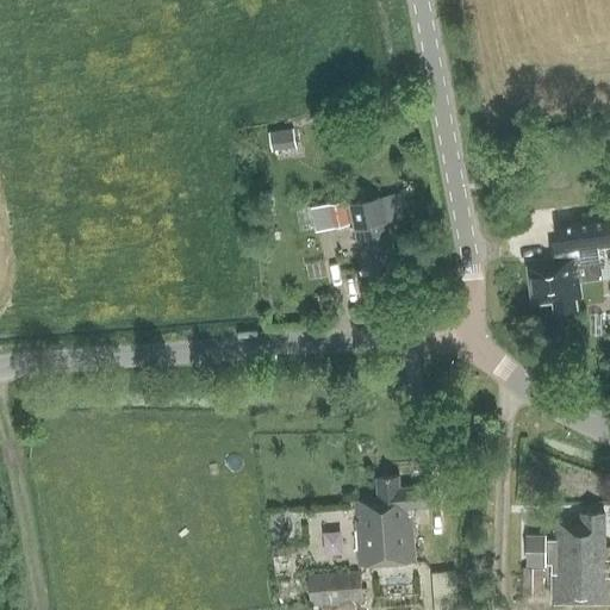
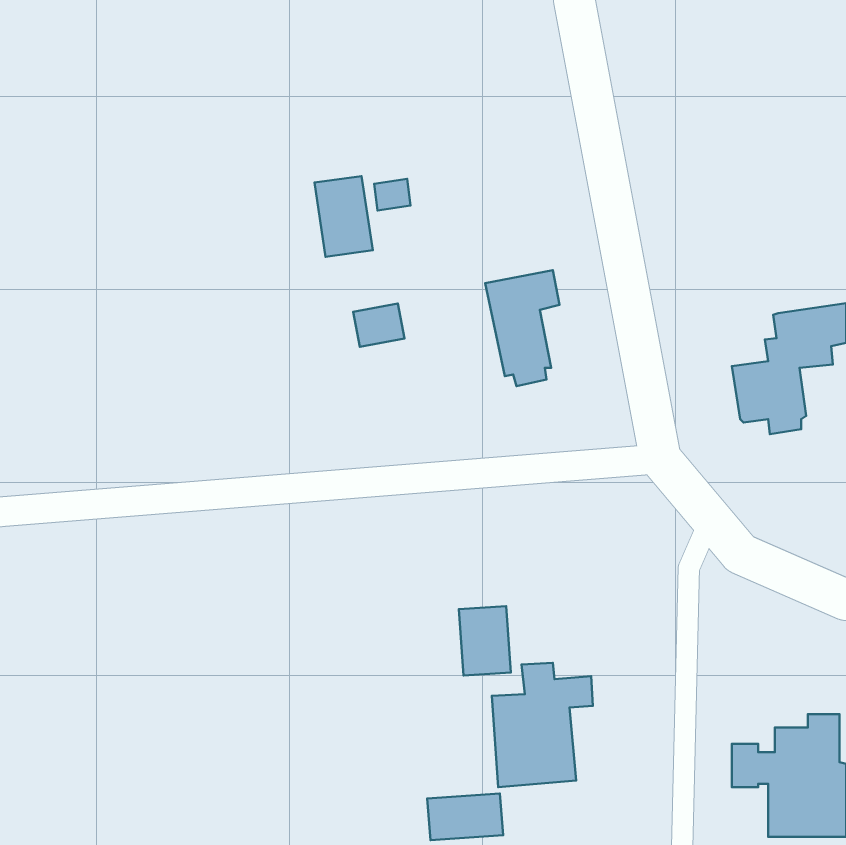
building: none -> [315,176,373,257]
building: [312,203,349,234] -> [353,304,404,347]
building: none -> [459,606,511,675]

